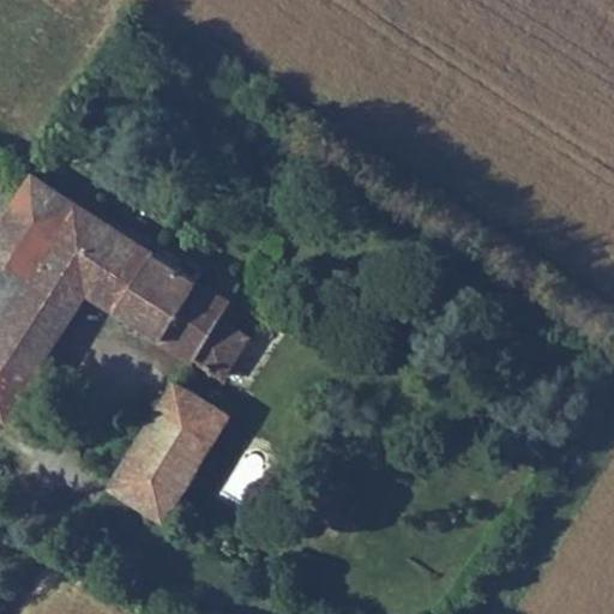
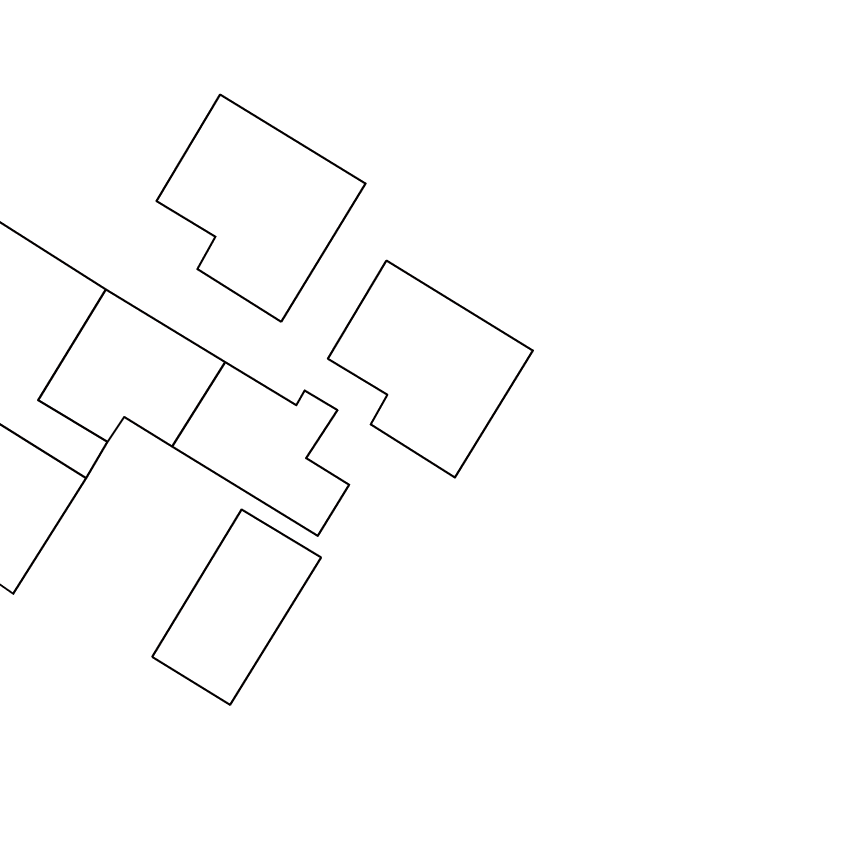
building: none -> [157,95,366,322]
building: none -> [328,261,533,478]

